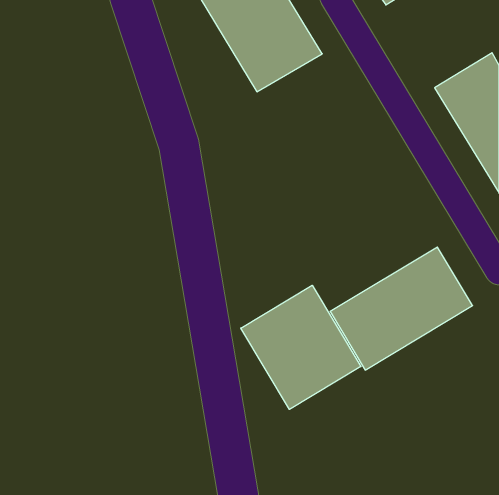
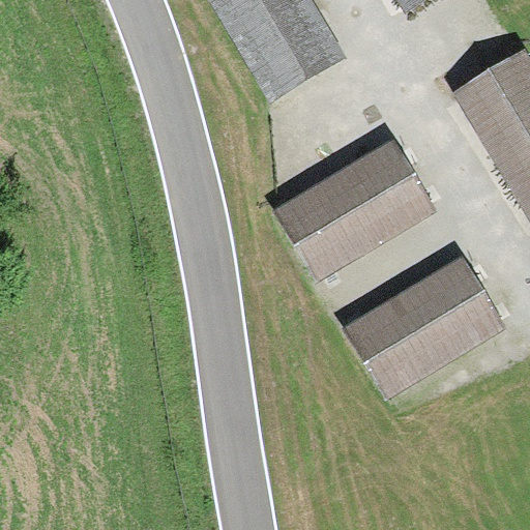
building: none -> [279,146,431,275]
building: [241,285,361,409] -> none

